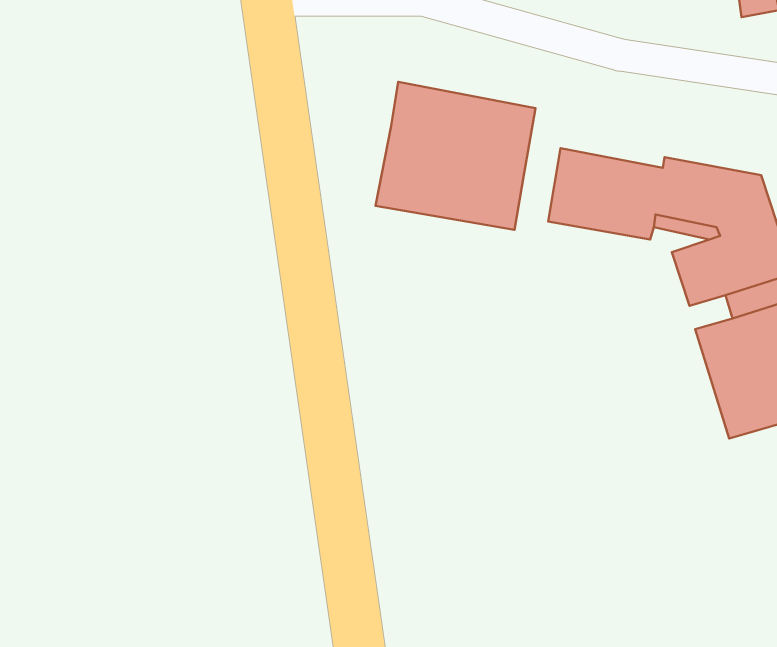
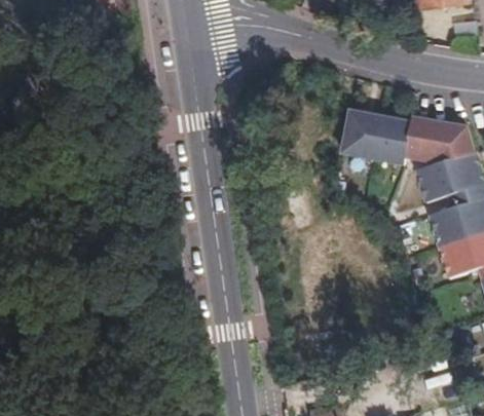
building: [375,82,535,230] -> none

